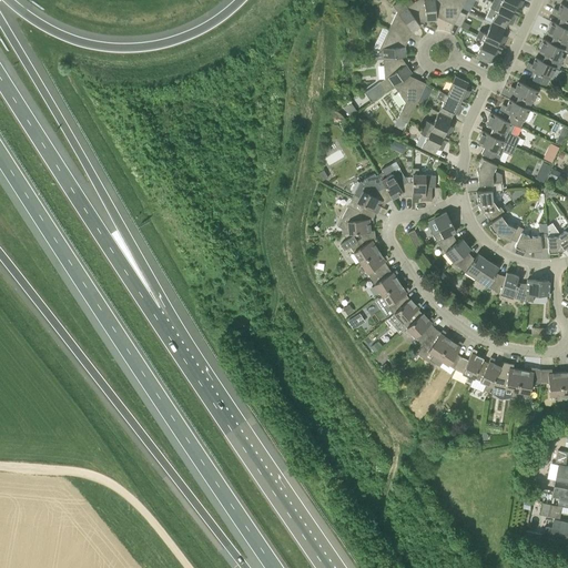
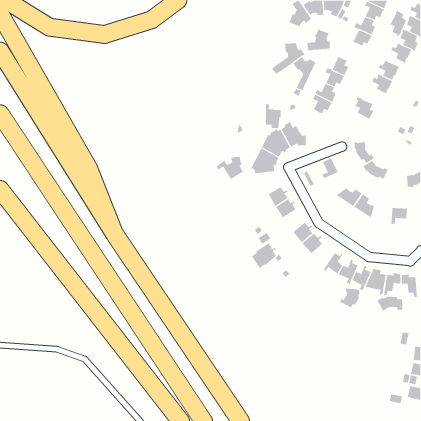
building: none -> [390,10,407,37]
building: [373,30,405,60] -> [307,29,330,51]
building: [486,112,520,146] -> none
building: [477,158,503,192] -> none
building: [413,168,435,201] -> [265,104,282,129]
building: [515,223,548,251] -> none
building: [341,230,378,262] -> [216,156,244,180]
building: [436,234,470,262] -> none
building: [500,272,527,302] -> none
building: [375,282,409,317] -> [251,243,277,269]
building: [419,328,450,363] -> none
building: none -> [339,288,360,308]
building: none -> [377,296,403,312]

